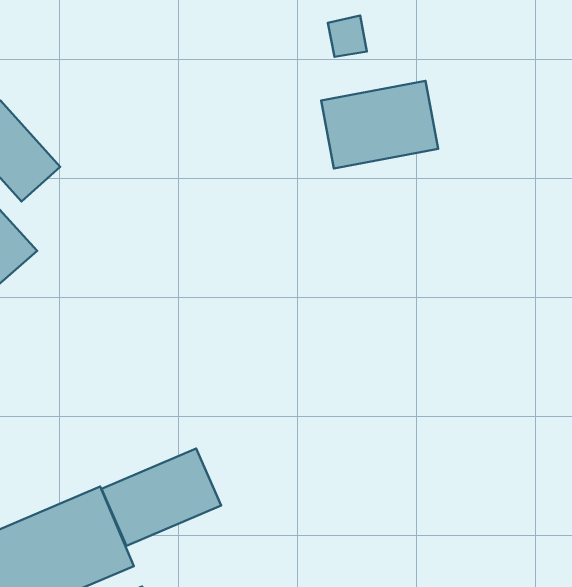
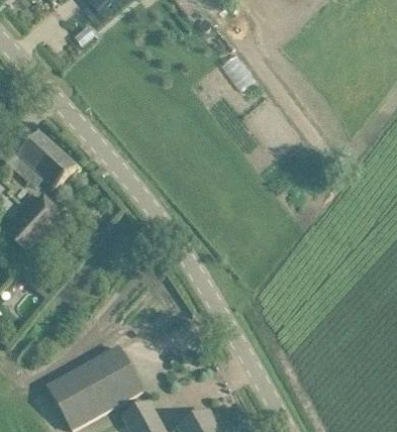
building: [321,81,438,168] -> none
building: [102,448,221,546] -> none

